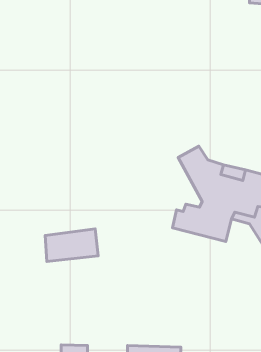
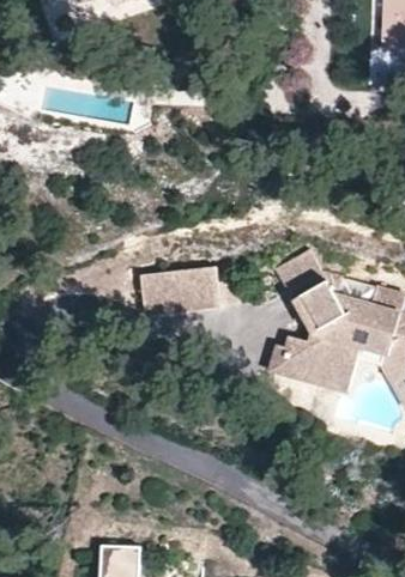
building: [45,229,98,262] -> [137,267,214,315]

